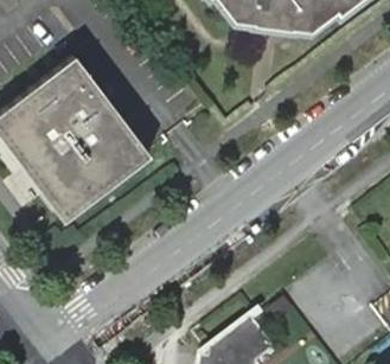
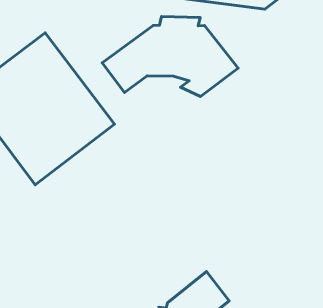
building: none -> [102,17,238,96]

